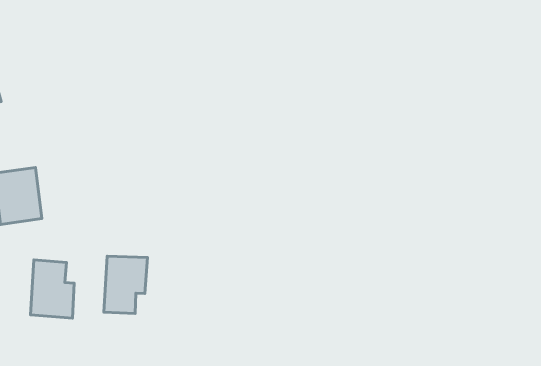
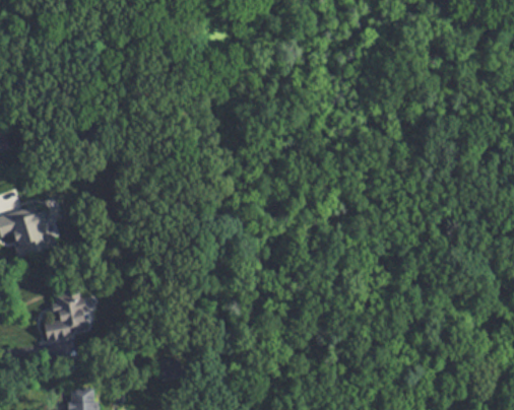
building: [104,256,147,313] -> none

